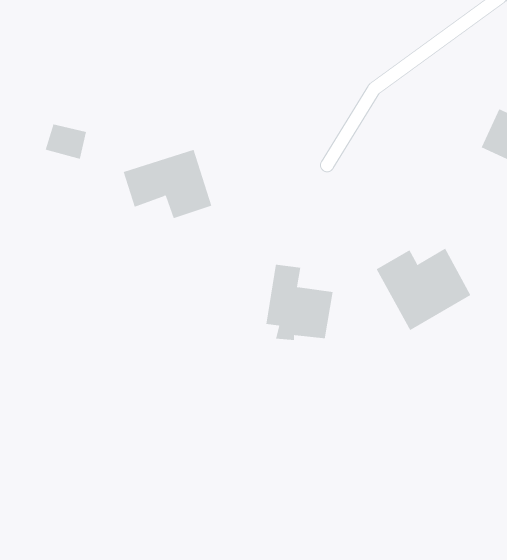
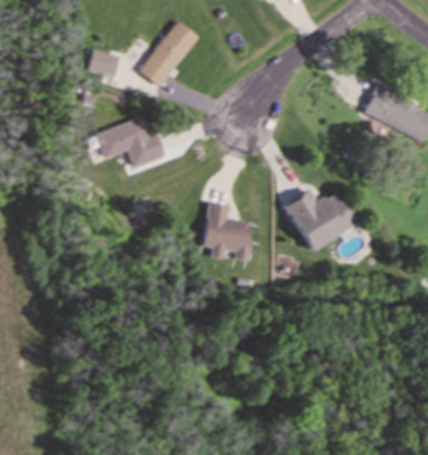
building: none -> [138,21,199,86]
building: [45,124,87,160] -> [87,50,119,76]

